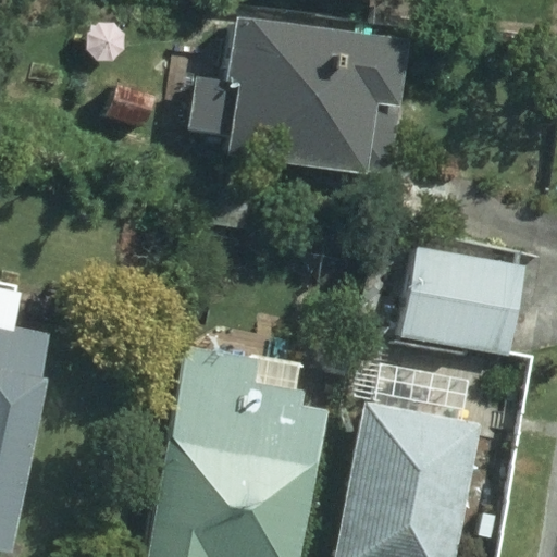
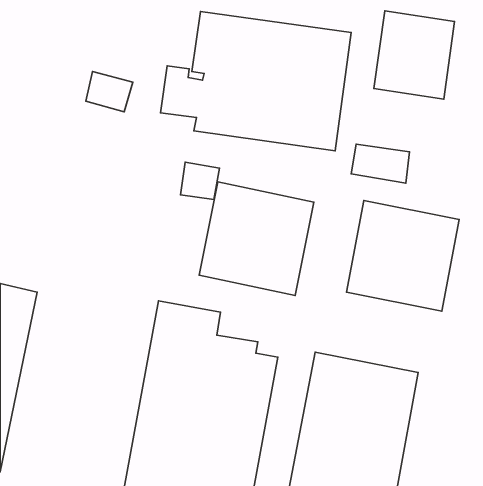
building: none -> [374,11,455,99]
building: none -> [199,182,314,295]

